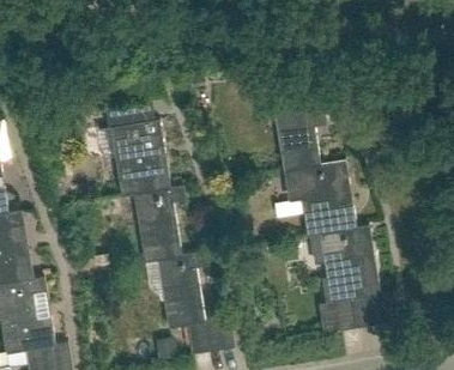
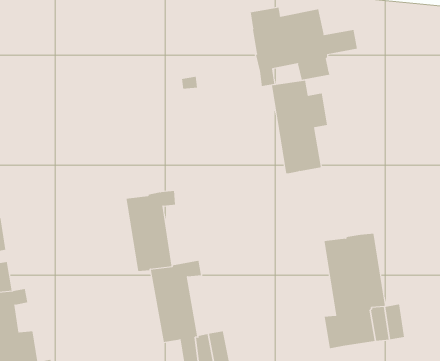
building: none -> [250,7,358,87]
building: [111,119,168,195] -> none
building: [286,158,353,235] -> none

